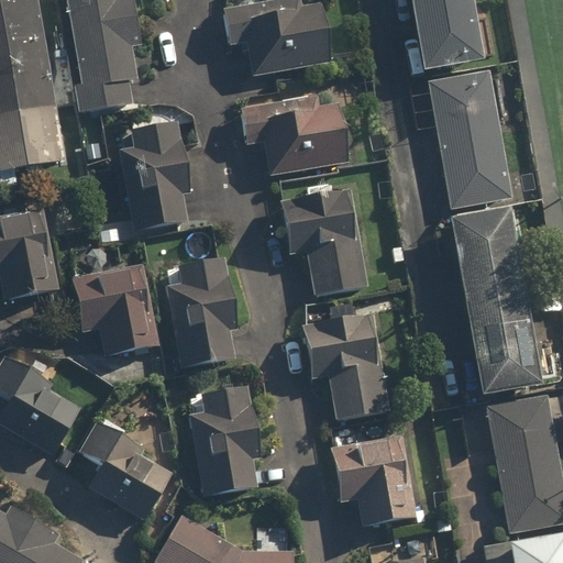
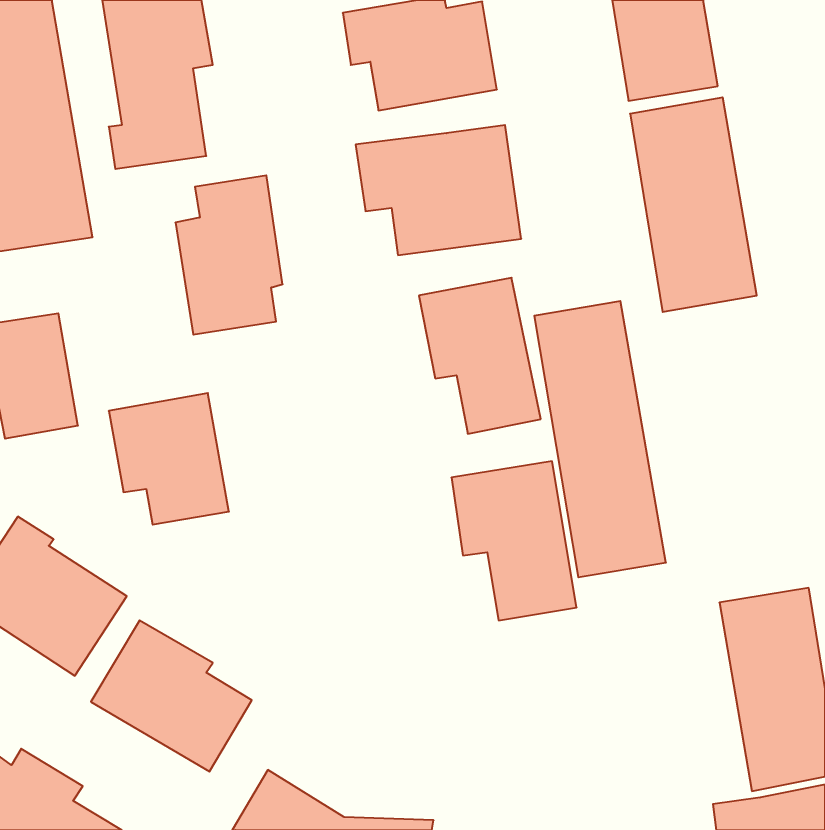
building: [455,206,544,393] -> [534,301,666,577]
building: [168,256,243,365] -> none
building: [189,386,260,497] -> none
building: [335,439,412,526] -> none

